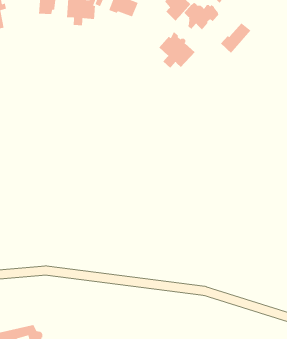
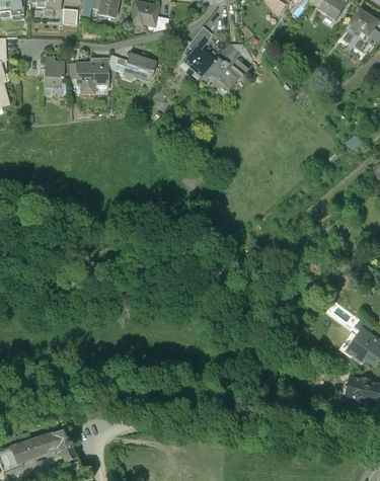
building: [220,23,252,54] -> none
building: [159,31,195,68] -> none

